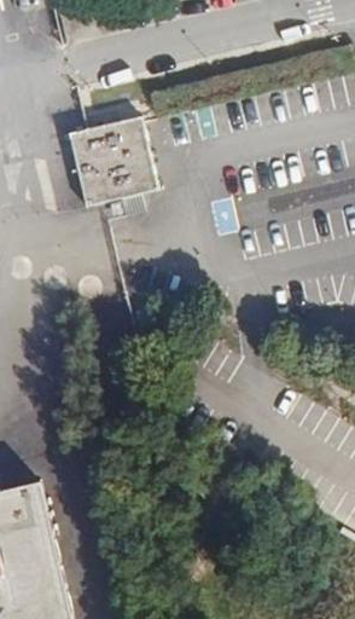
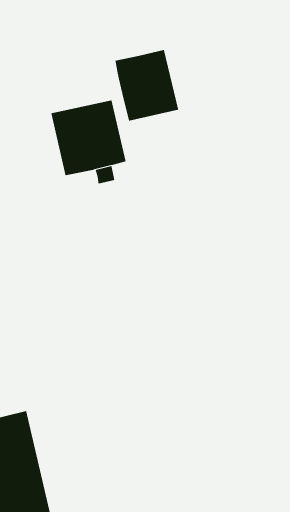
building: none -> [115,49,179,122]

